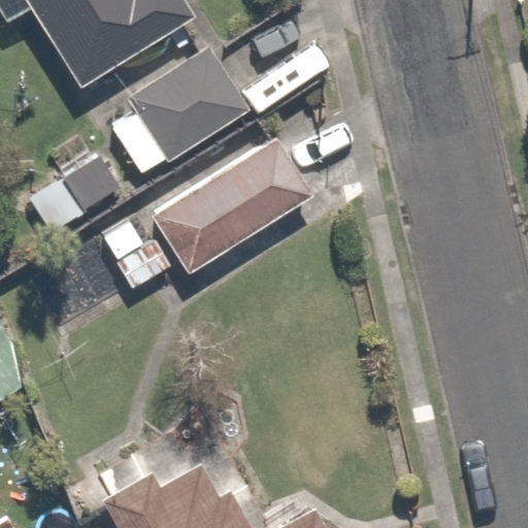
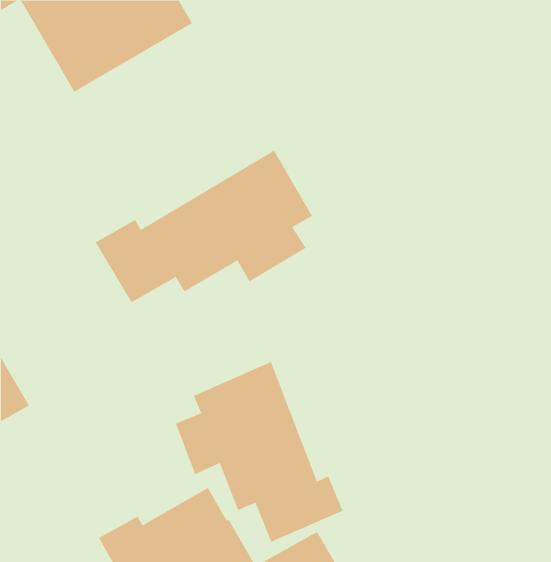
building: [113,43,250,171] -> none
building: none -> [175,361,343,542]

